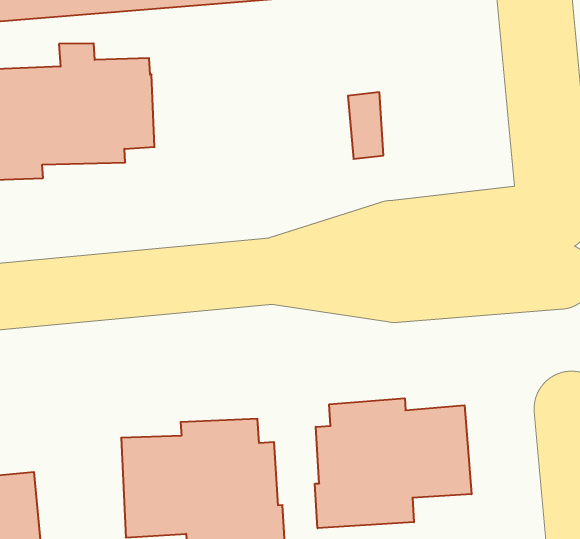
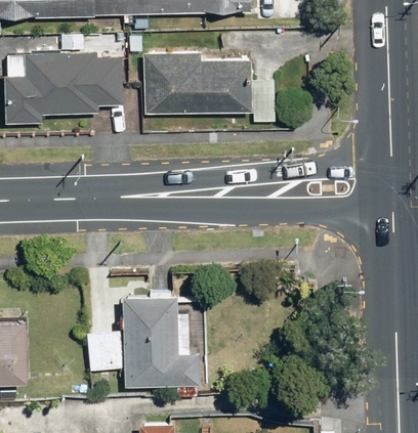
building: none -> [147,53,252,113]
building: [315,398,472,528] -> none

